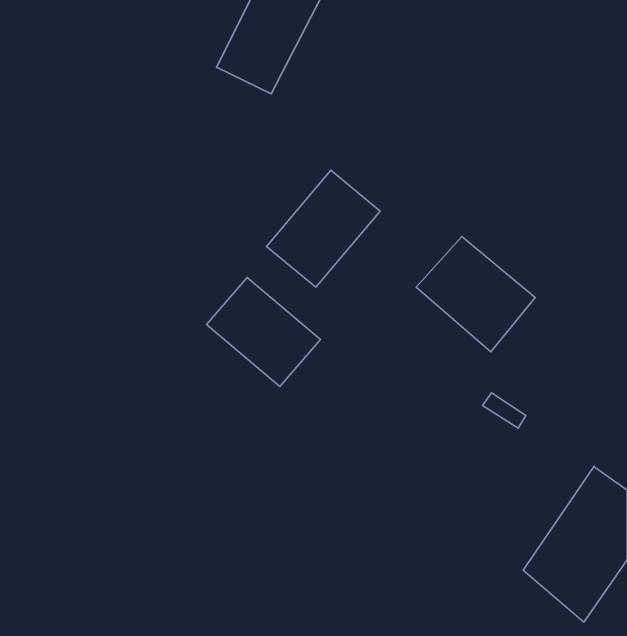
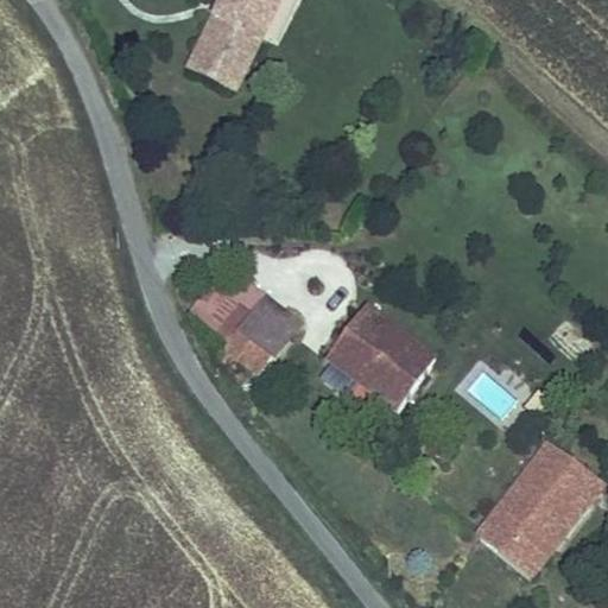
building: [266,170,380,287] -> none
building: [416,237,535,352] -> [335,303,446,411]

